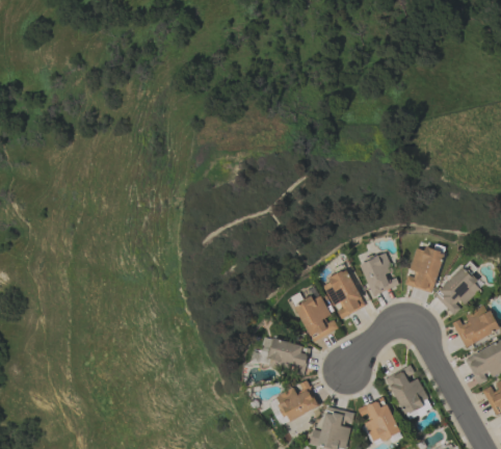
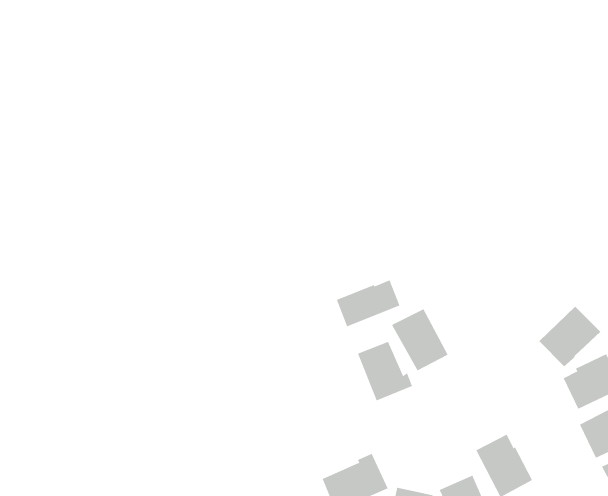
building: [404,246,444,292] -> none
building: none -> [336,279,400,327]
building: [359,252,398,294] -> none
building: [267,339,308,368] -> none

